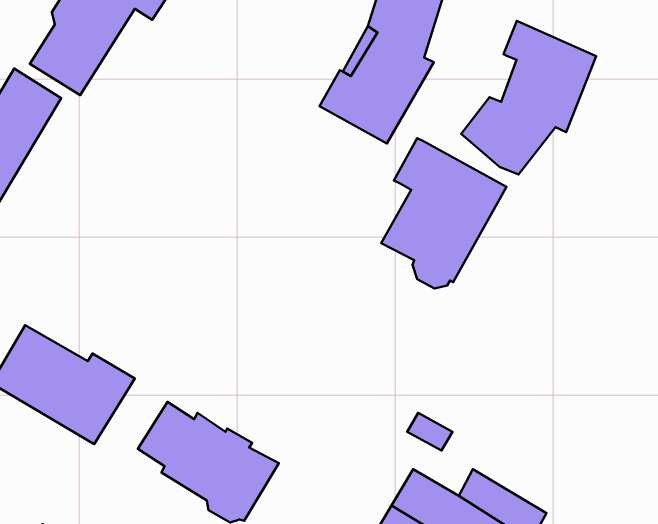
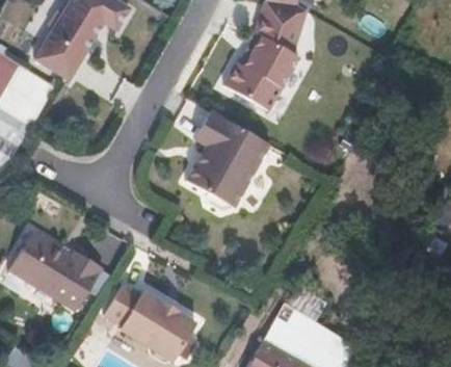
building: [461,21,596,175] -> none
building: [381,138,507,288] -> [186,109,269,209]

